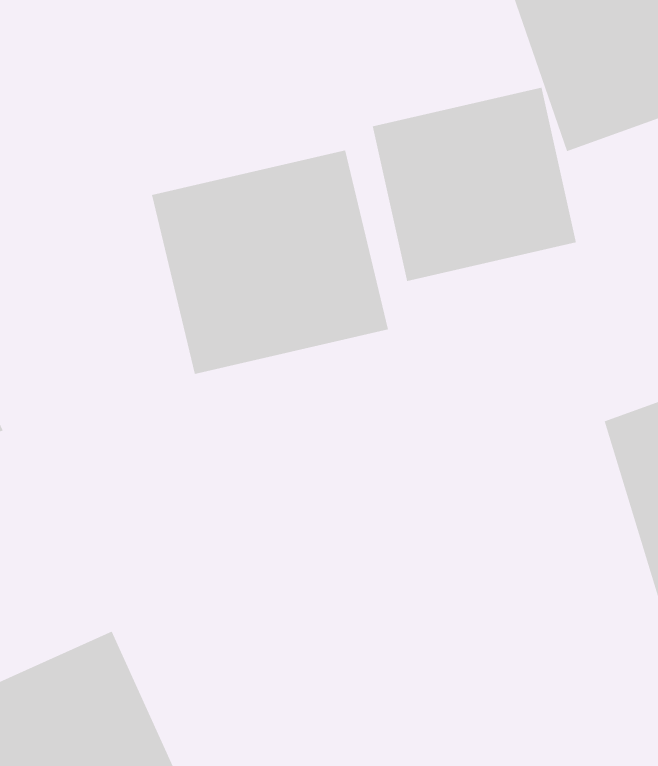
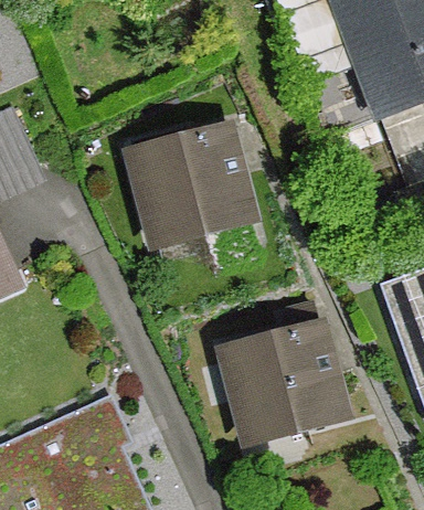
building: [372,87,576,282] -> none
building: none -> [219,319,350,446]

